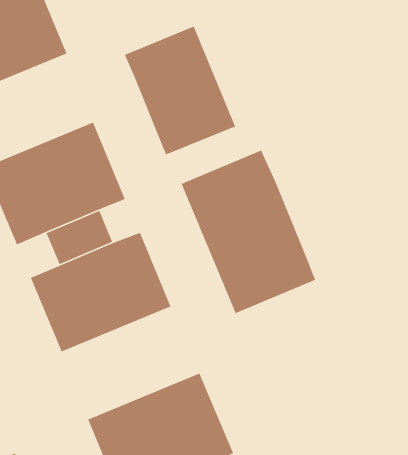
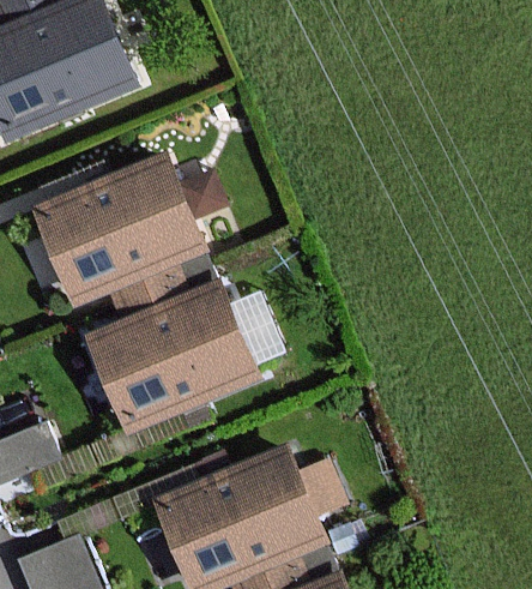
building: [124,25,236,155] -> none
building: [180,150,316,314] -> none

